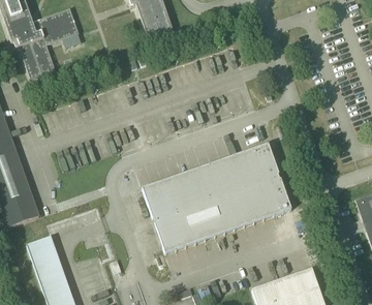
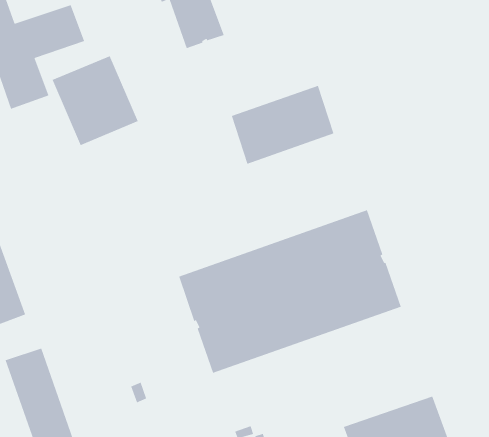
building: none -> [51,55,139,146]
building: none -> [231,85,335,165]

